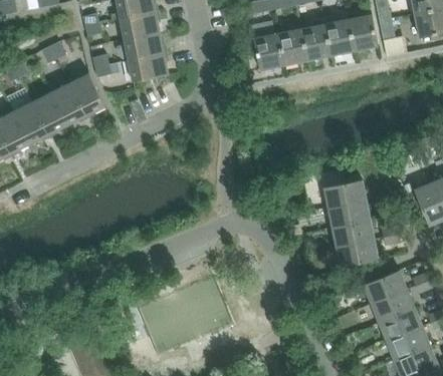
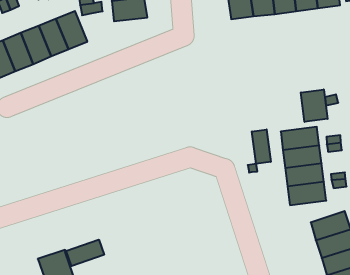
building: none -> [301,89,328,122]
building: none -> [252,129,271,164]
building: none -> [66,240,104,266]

